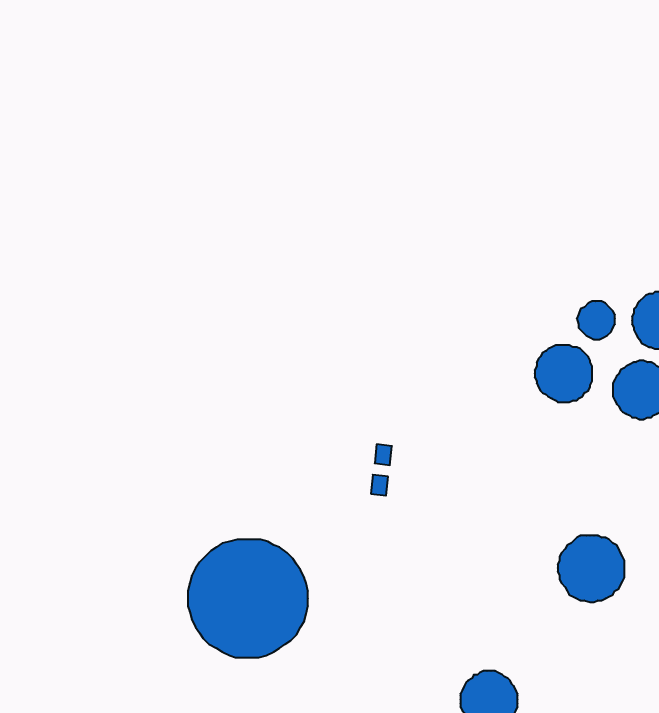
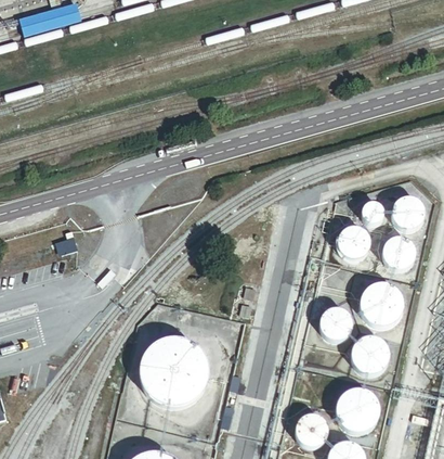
building: none -> [358,281,403,326]
building: none -> [318,307,352,340]
building: none -> [335,387,379,432]

